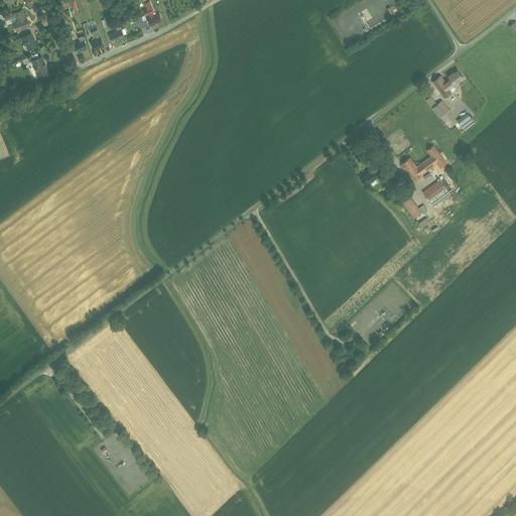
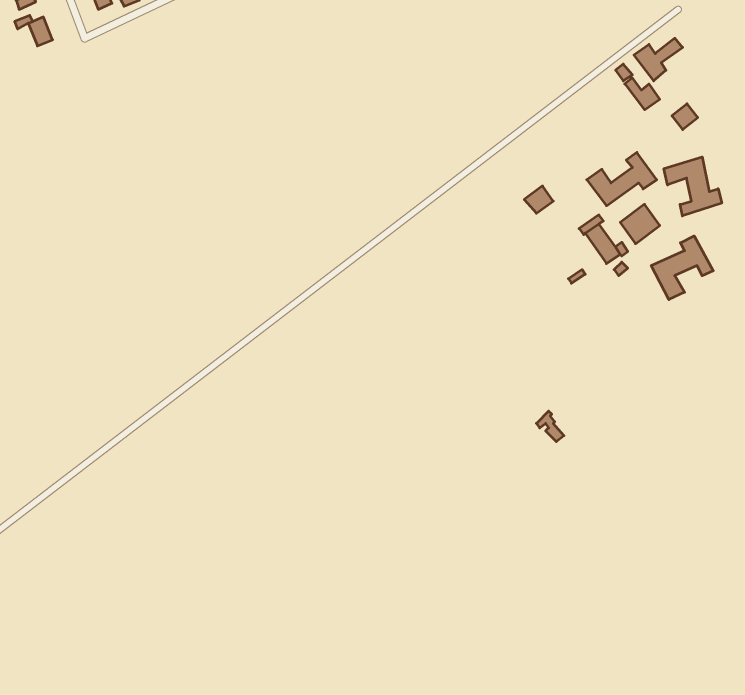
building: none -> [664,157,722,216]
building: none -> [651,236,713,300]

